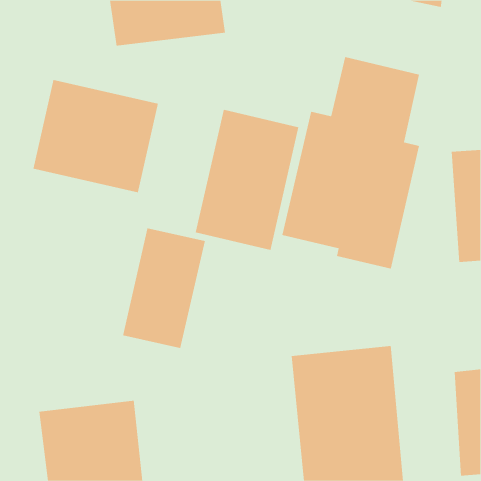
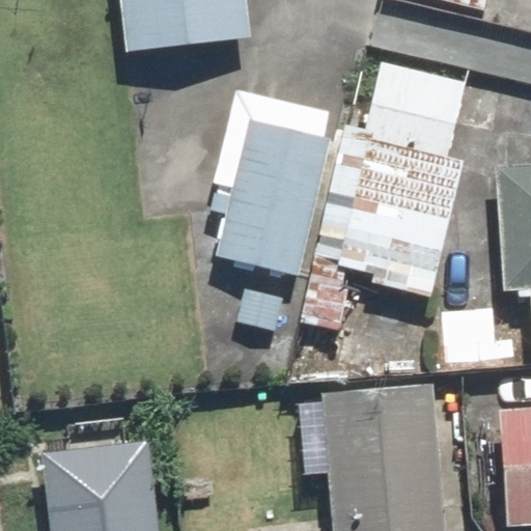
building: [33,79,158,193] -> none
building: [122,227,205,349] -> none

